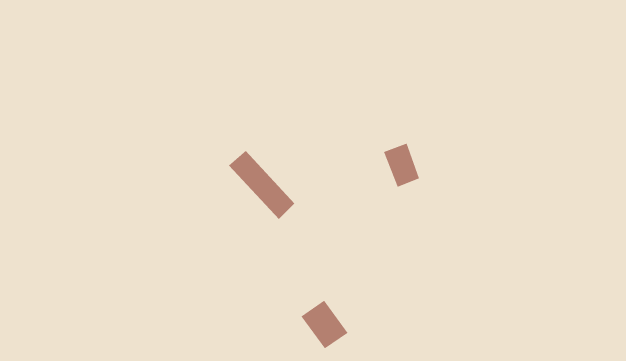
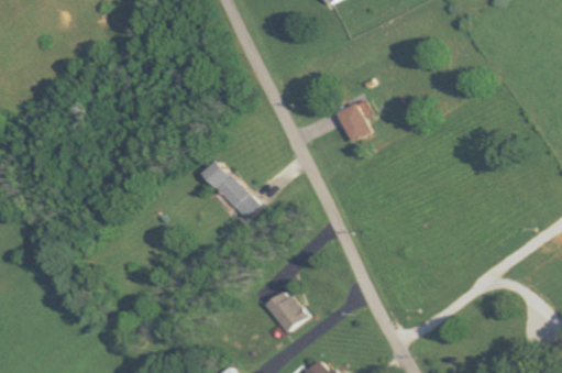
building: [383,143,420,187] -> [338,102,370,141]

